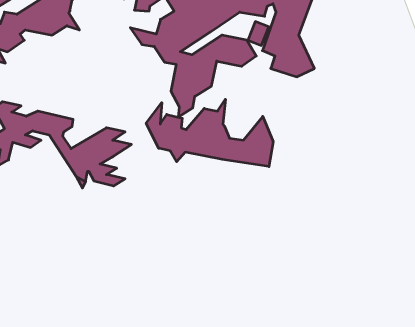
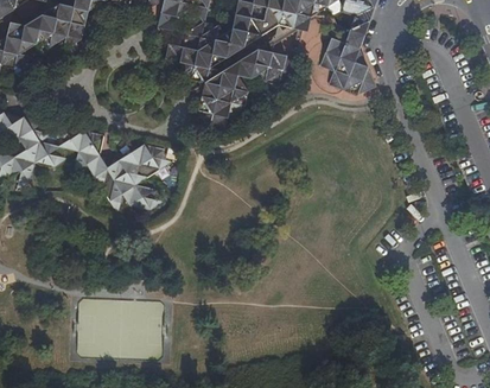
building: [146,99,273,167] -> none

